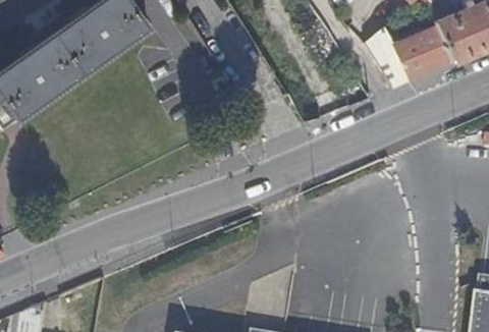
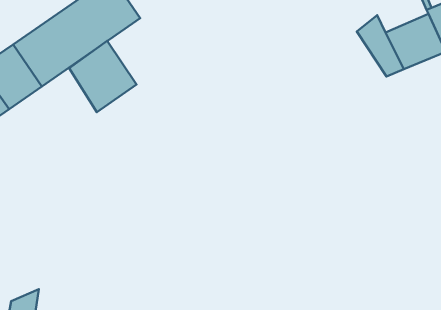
building: none -> [69,41,136,112]

